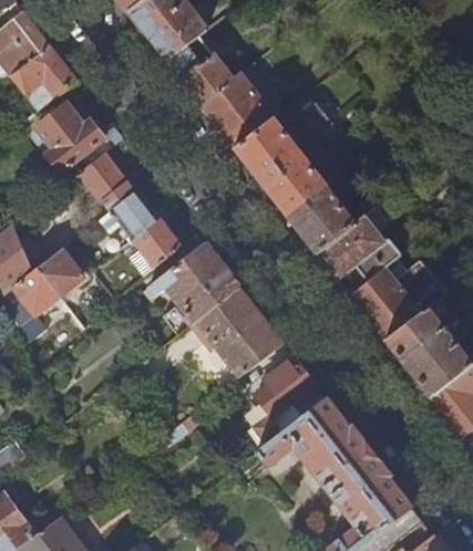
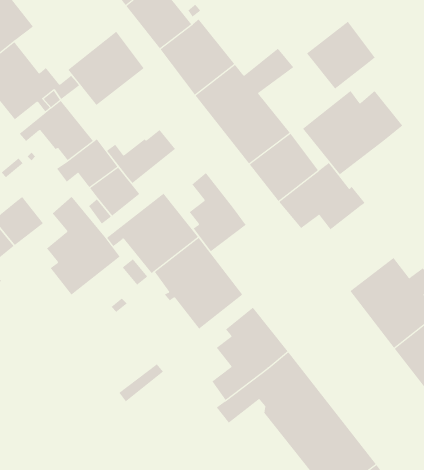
building: none -> [306,21,376,90]
building: none -> [68,31,145,106]
building: none -> [106,129,176,184]
building: none -> [189,172,247,252]
building: none -> [46,196,120,296]
building: [350,257,449,340] -> [302,90,403,175]

